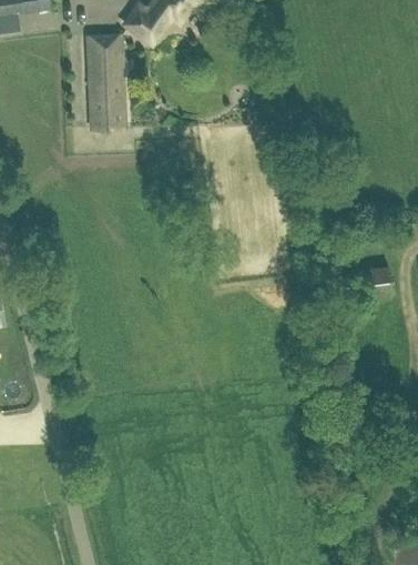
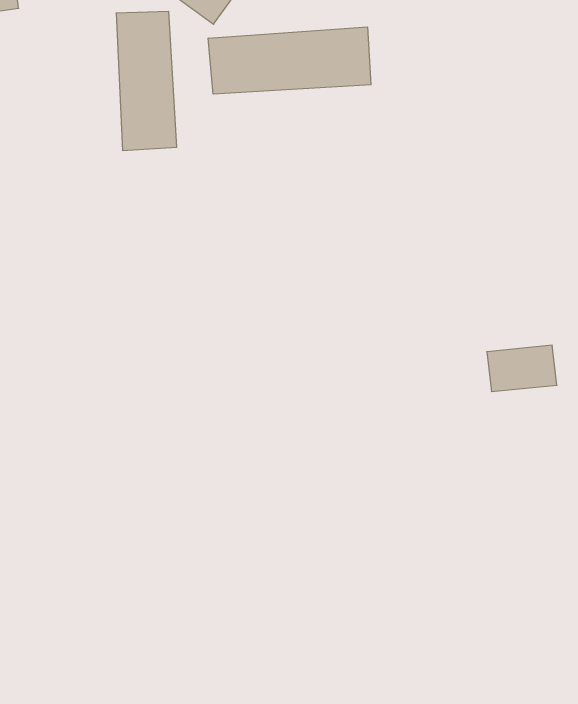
building: none -> [208,27,371,94]

